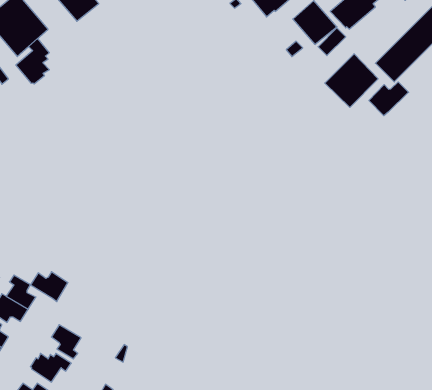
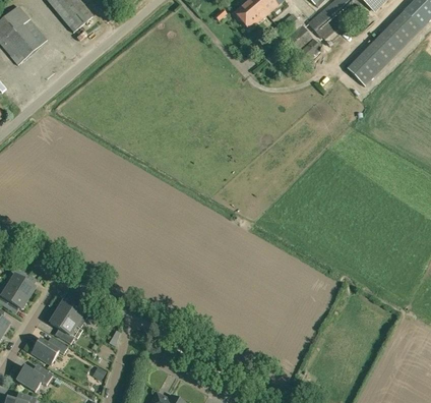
building: [16,38,49,84] -> none
building: [325,54,378,107] -> none
building: [369,82,409,116] -> none
building: [30,272,68,302] -> [56,299,90,327]

